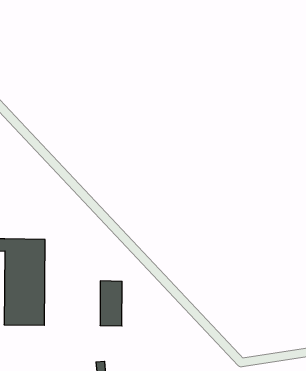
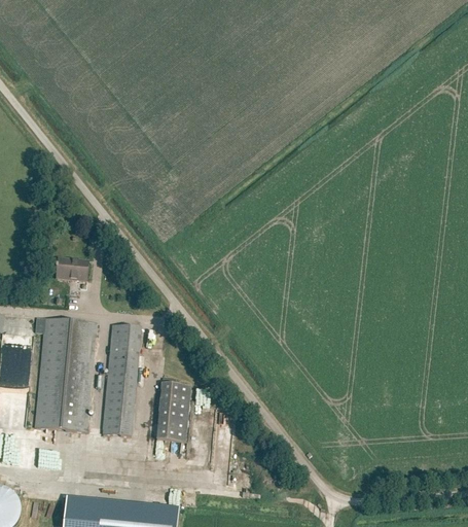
building: none -> [56,259,88,282]
building: none -> [102,325,140,437]

